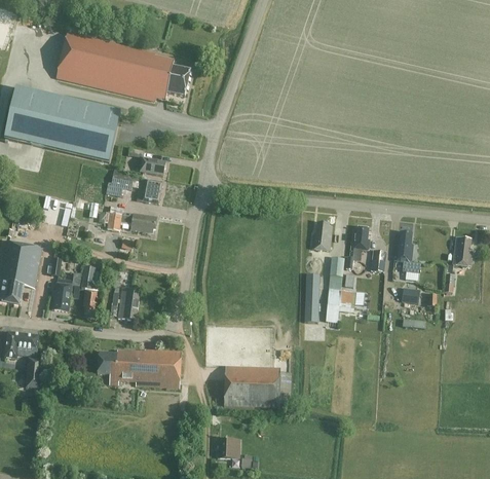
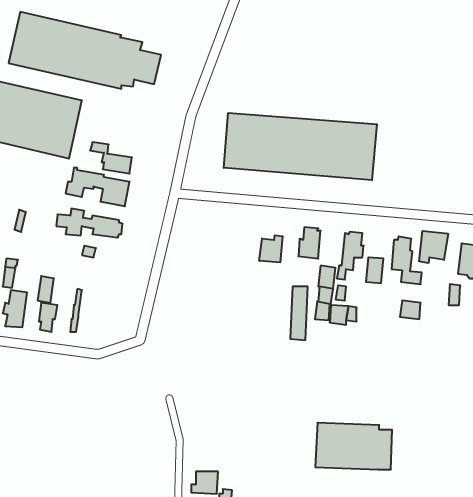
building: none -> [224,113,377,180]
building: none -> [419,231,448,263]
building: none -> [259,235,283,262]
building: [117,286,139,320] -> none
building: [97,348,181,388] -> none
building: [223,365,291,406] -> [315,423,392,469]

